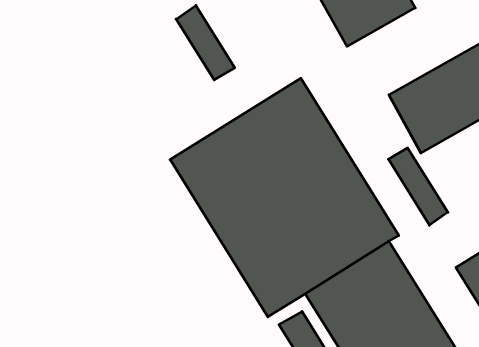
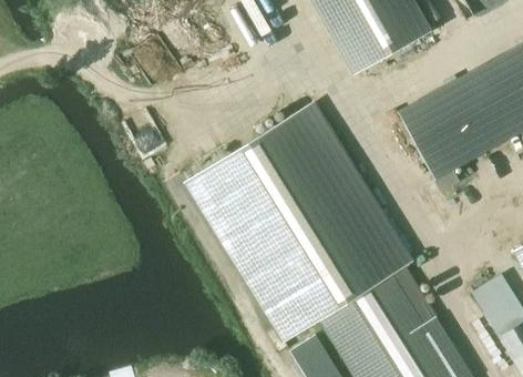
building: [176,5,235,80] -> none
building: [388,148,448,225] -> none

